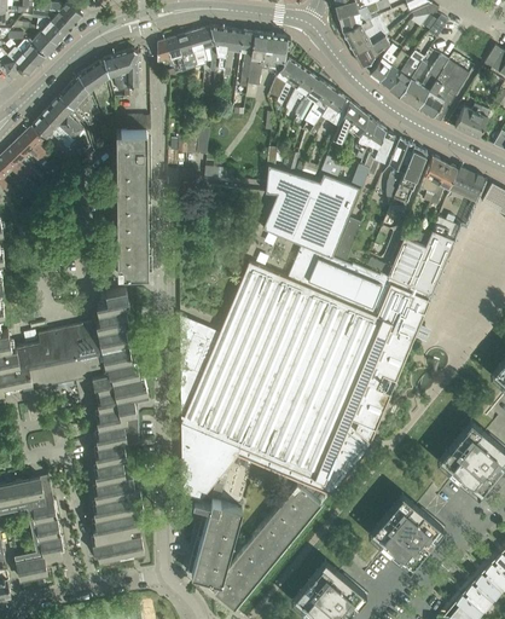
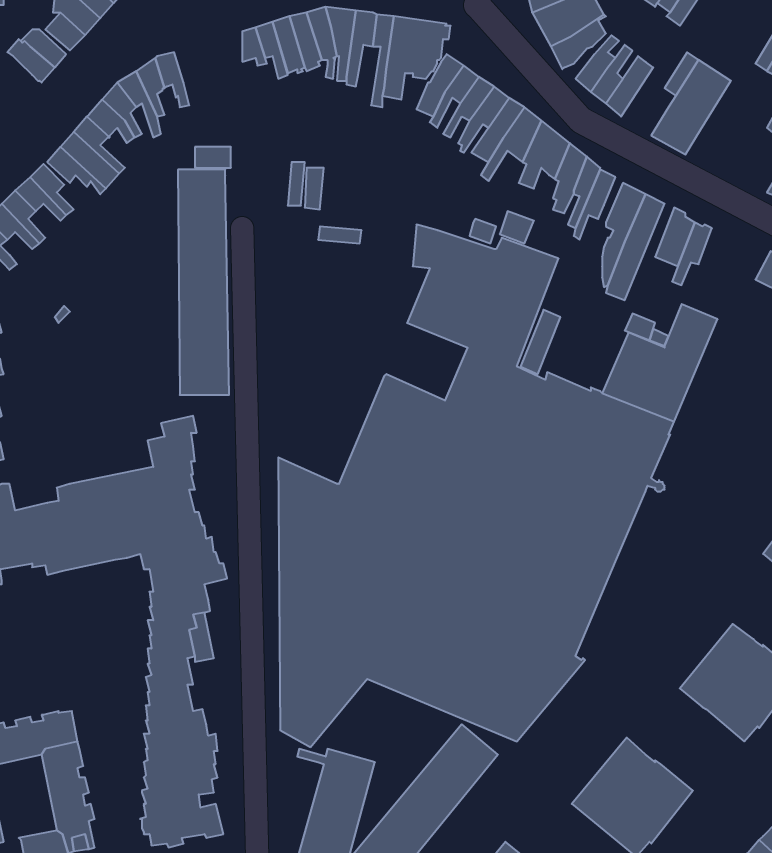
building: [114,50,138,97] -> none
building: [399,62,429,109] -> none
building: [454,105,487,138] -> none
building: [448,167,486,204] -> none

